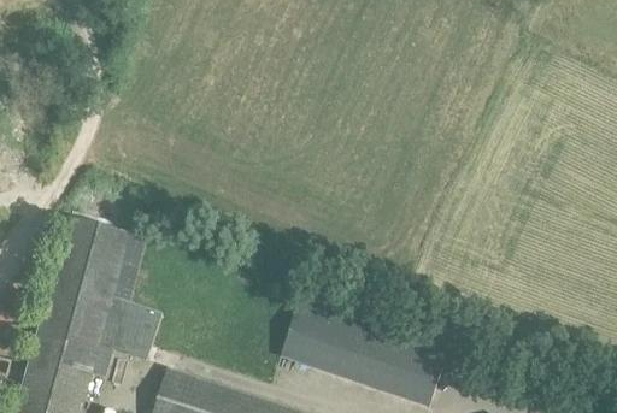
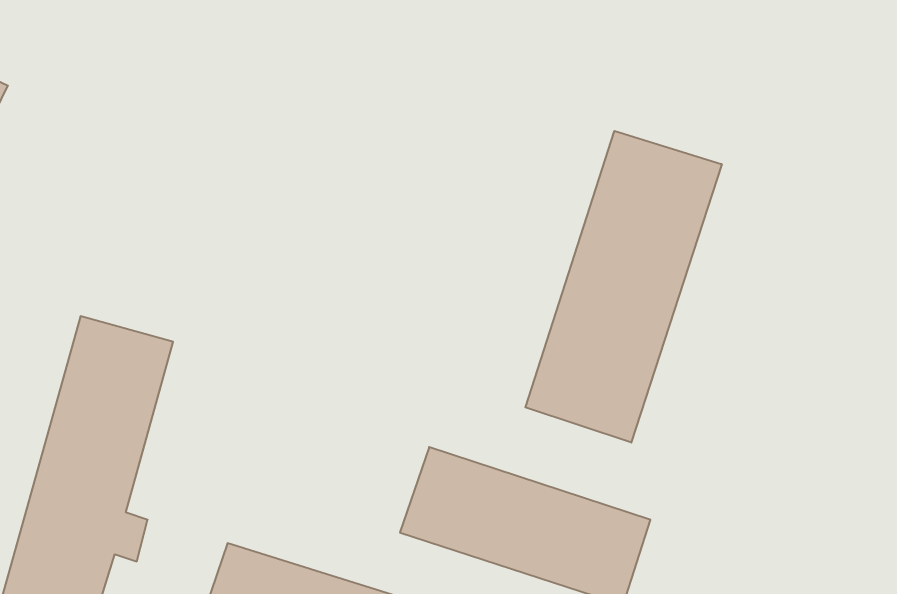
building: none -> [525,131,722,443]
building: [101,232,163,360] -> none

